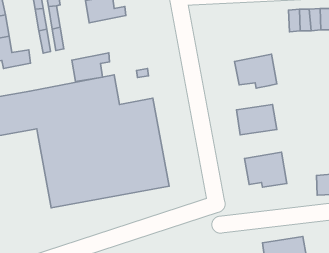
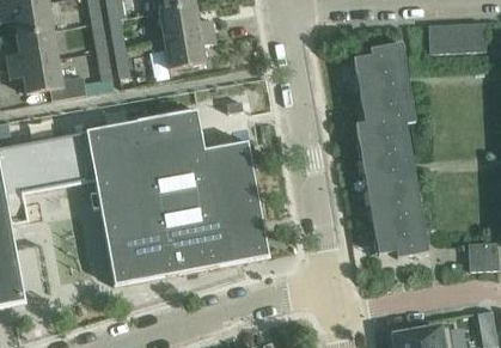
building: none -> [353,42,407,91]
building: [72,53,110,82] -> [164,30,214,68]
building: none -> [354,120,408,155]
building: none -> [365,182,420,220]

